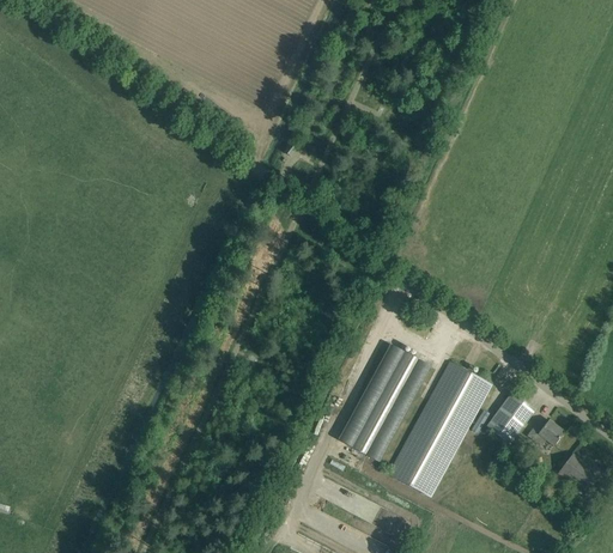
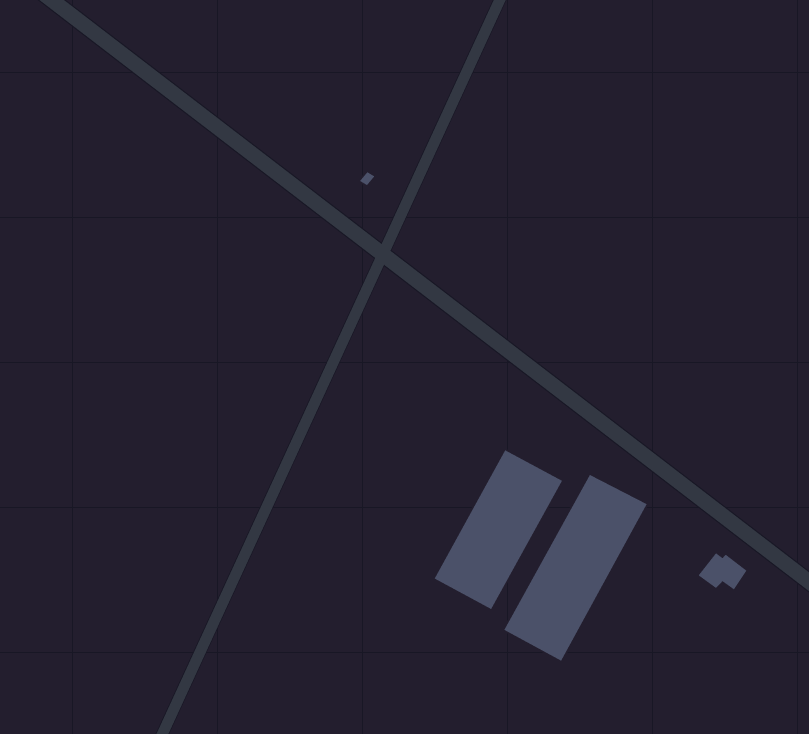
building: [486,391,535,443] -> none
building: [559,454,599,491] -> none

